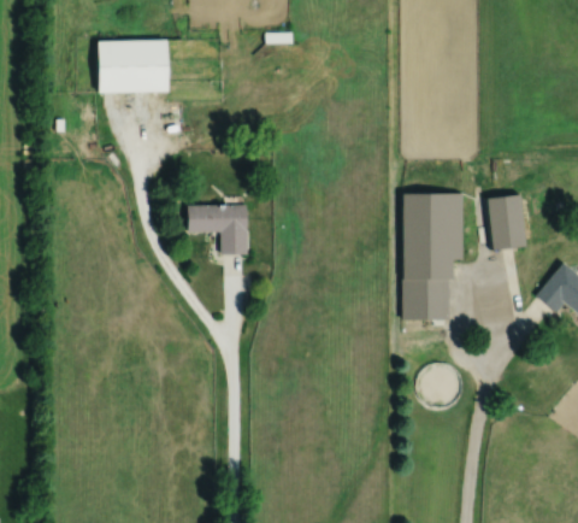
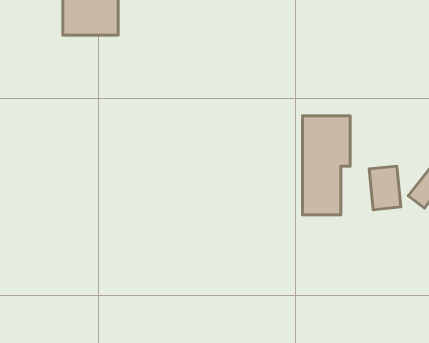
building: [486,194,526,249] -> [369,166,401,210]
building: [188,204,246,253] -> none

